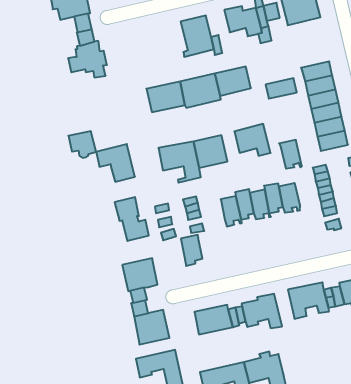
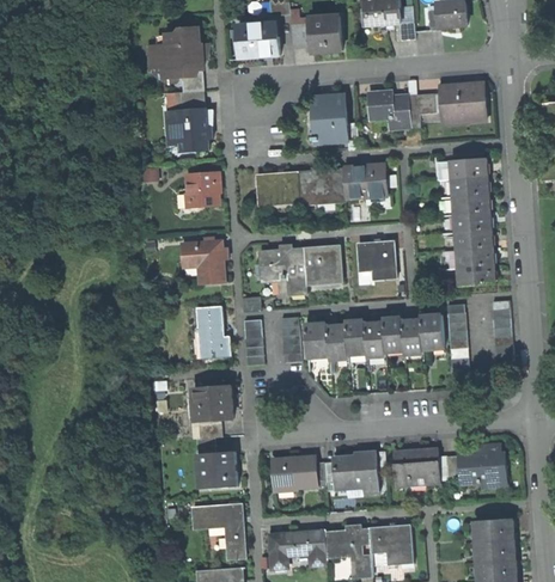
building: [266,78,297,99] -> [450,158,487,178]
building: [68,131,96,158] -> [187,174,218,206]
building: [279,140,302,169] -> [420,314,444,349]
building: [181,235,202,266] -> [305,321,328,357]
building: none -> [368,525,413,564]

